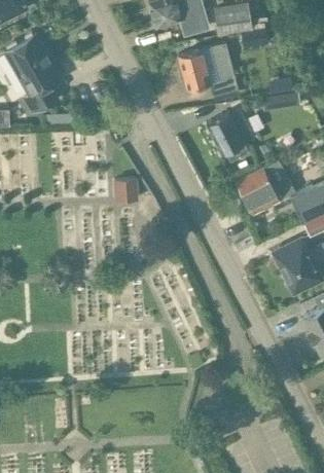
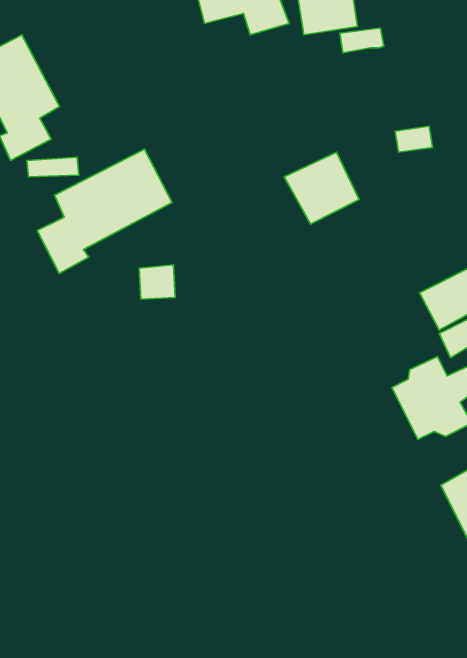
building: [178,42,237,96] -> none
building: none -> [37,149,172,274]
building: [235,160,293,216] -> none

